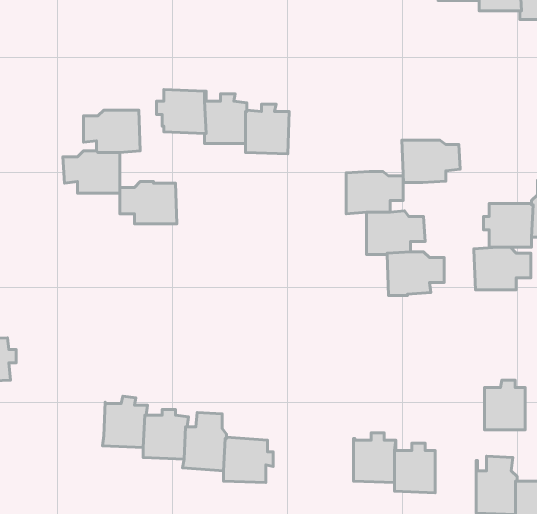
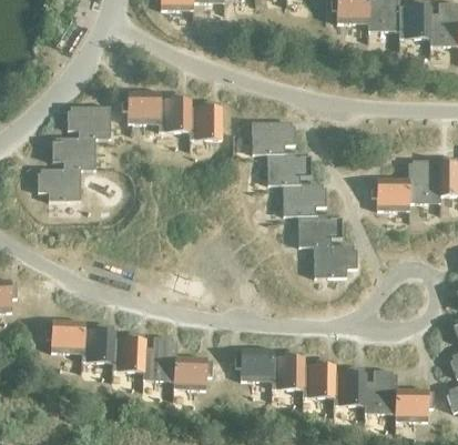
building: [402,140,460,182] -> [251,121,295,153]
building: [120,182,177,224] -> [37,168,80,200]
building: [474,247,531,290] -> [313,244,356,276]
building: [484,380,525,430] -> [334,366,365,404]
building: none -> [45,318,85,353]
building: none -> [235,347,273,380]

